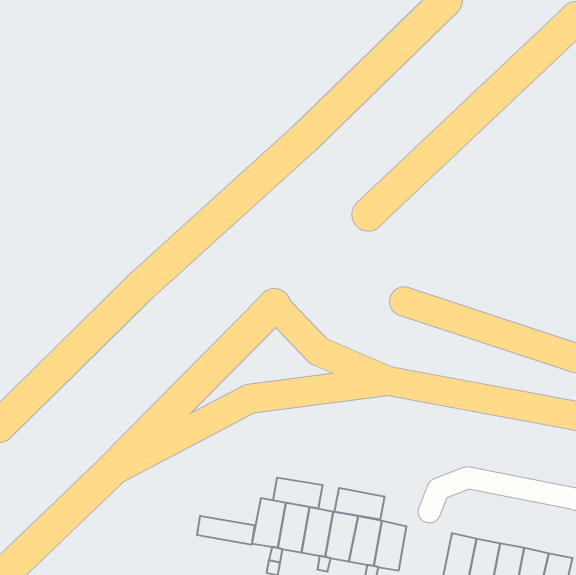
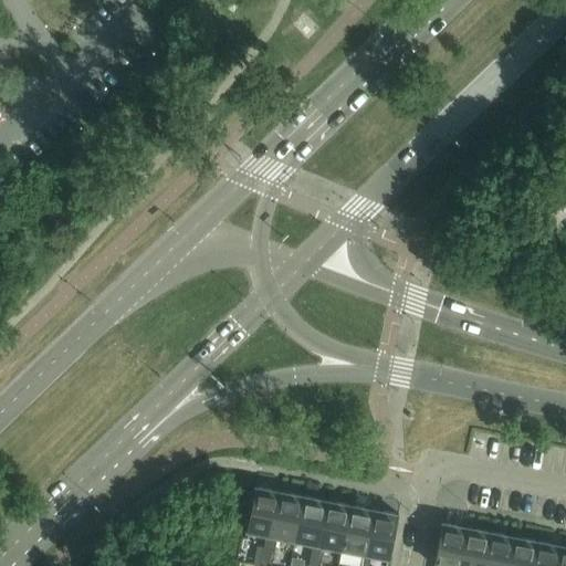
building: [273,478,322,509] -> none
building: [335,488,384,519] -> none
building: [197,516,255,545] -> none

